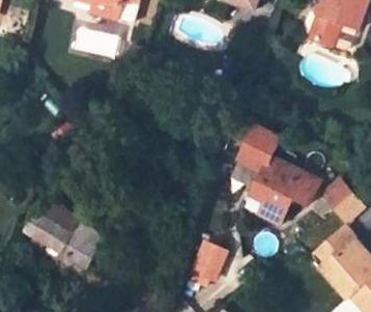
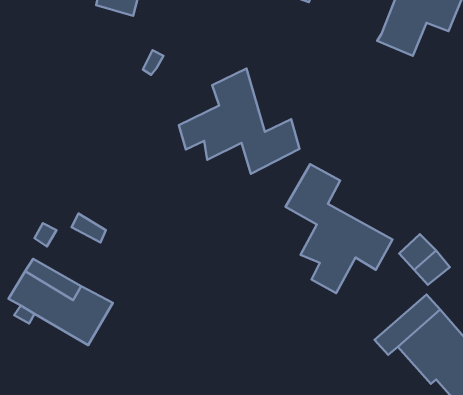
building: none -> [179,68,300,174]
building: [190,238,226,281] -> none

